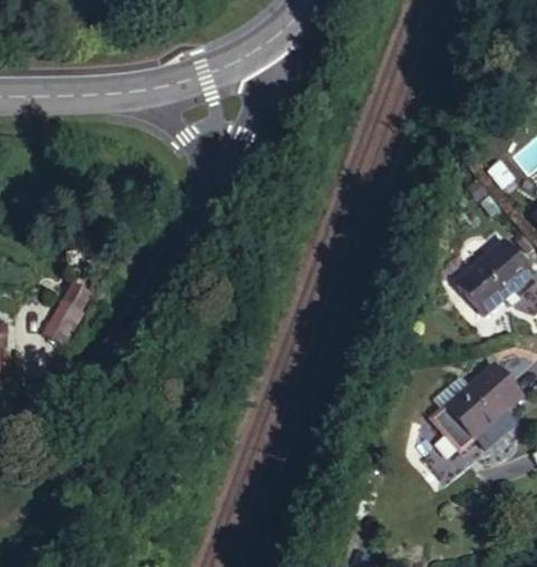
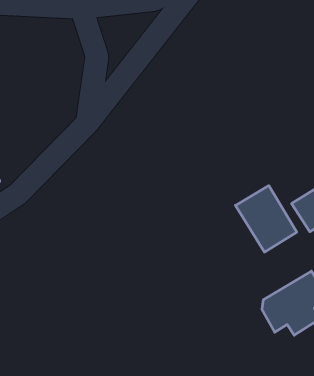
building: none -> [235,186,297,252]

